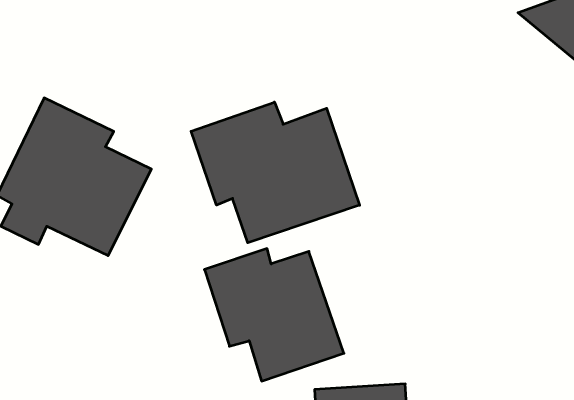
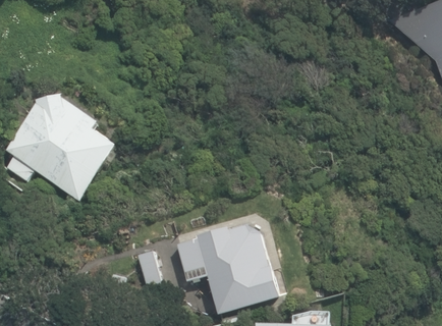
building: [191,102,360,243] -> none

